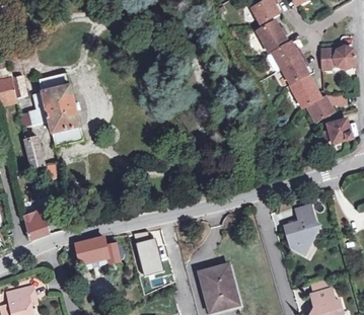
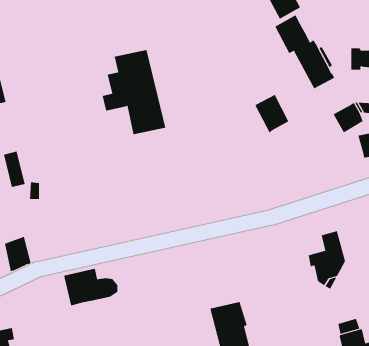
building: [28,73,83,146] -> [102,50,166,135]
building: [290,75,319,108] -> [255,94,289,133]
building: [133,231,163,274] -> none

